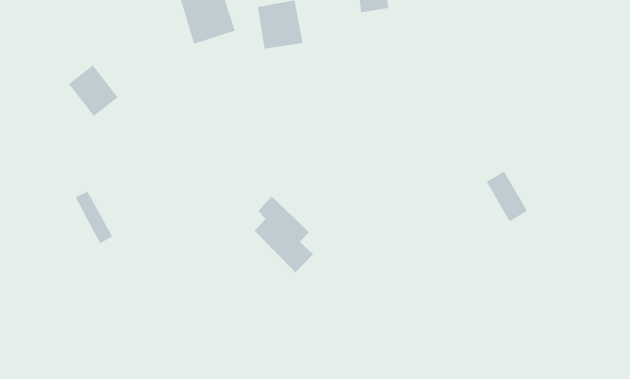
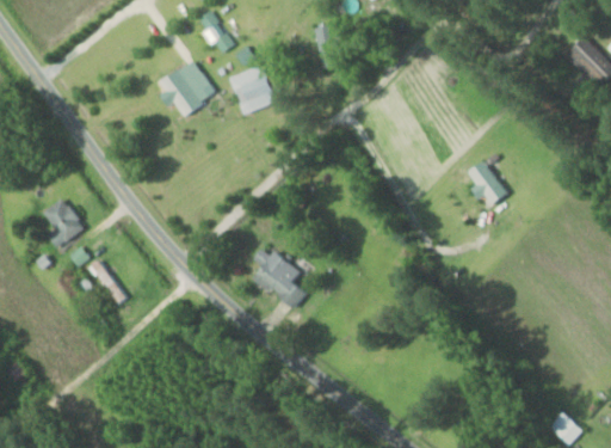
building: [68,65,119,117] -> [41,197,87,244]
building: [486,171,528,222] -> [468,160,508,205]

